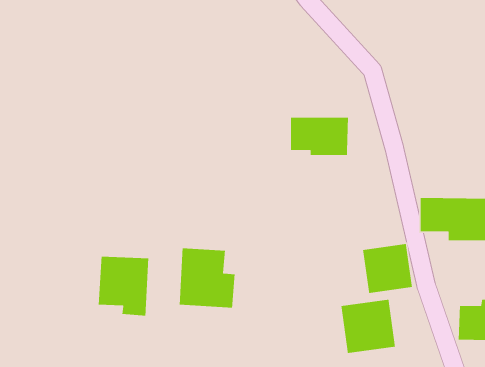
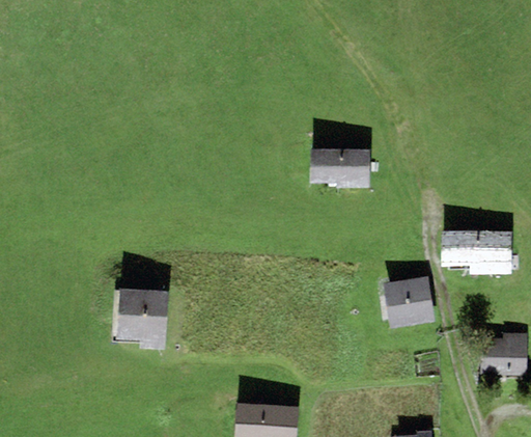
building: [179,247,236,308] -> none
building: [340,299,396,354] -> none

